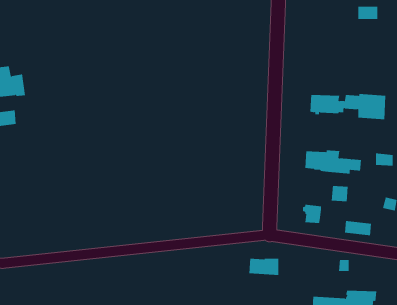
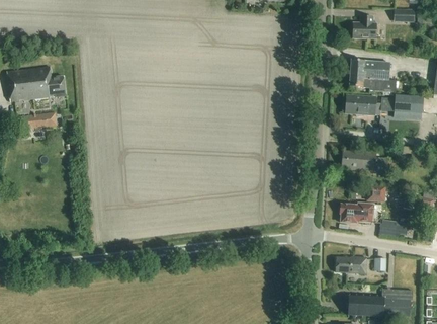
building: none -> [353,16,376,38]
building: none -> [349,60,397,92]
building: [249,258,279,276] -> [336,256,366,273]

